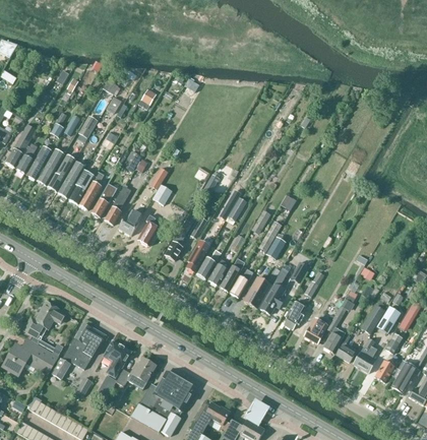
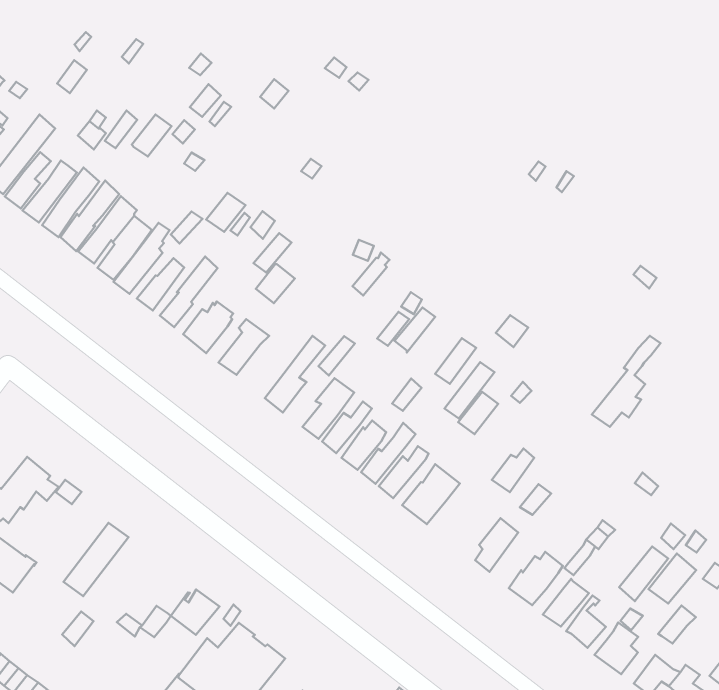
building: [260,264,291,314] -> [592,336,660,427]
building: [51,324,93,380] -> none
building: [103,340,131,378] -> none

